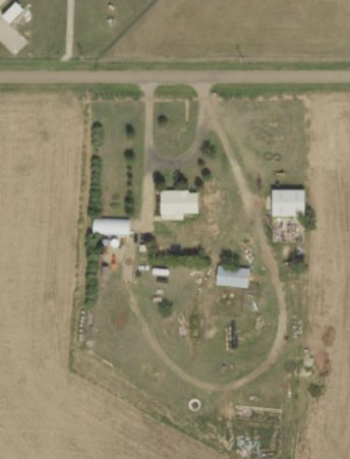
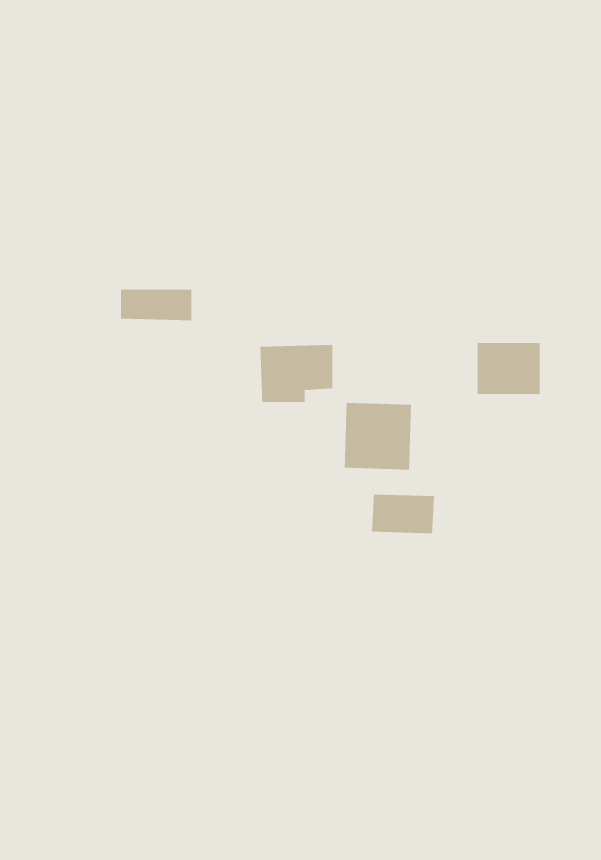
building: [94,219,130,235] -> [120,289,192,321]
building: none -> [344,402,412,470]

